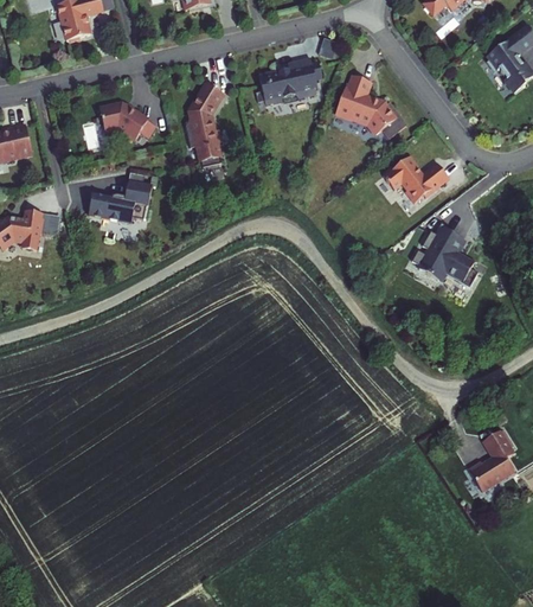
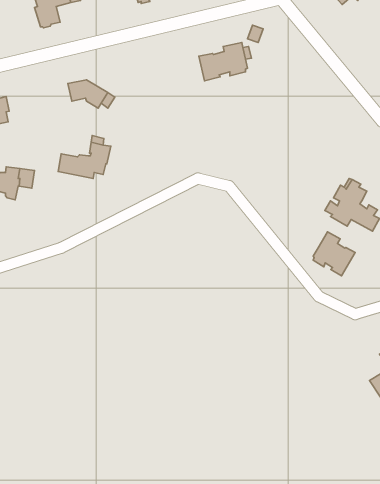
building: [336,76,407,139] -> none
building: [186,83,224,167] -> none
building: [384,156,449,204] -> none
building: none -> [313,232,355,276]

